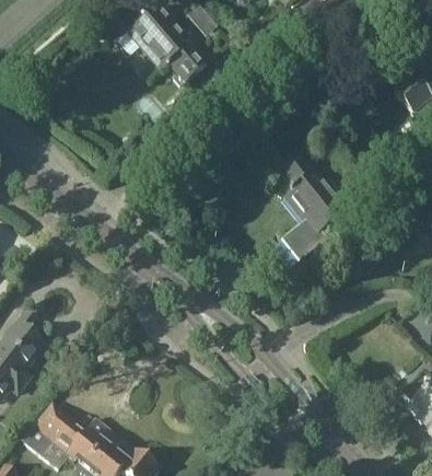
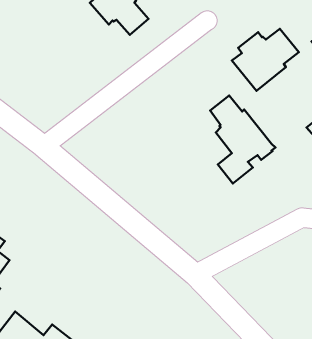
building: none -> [232,29,299,91]

